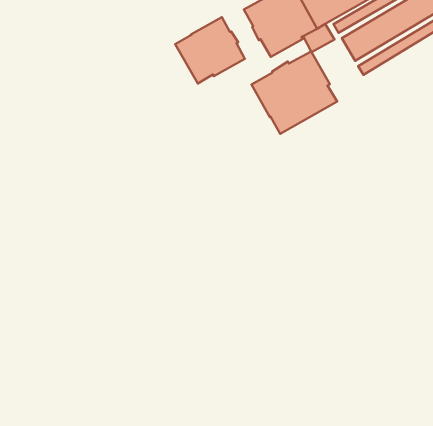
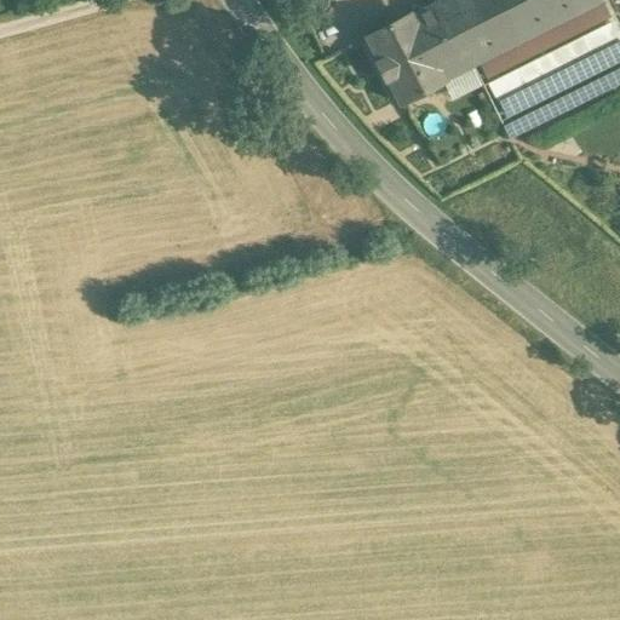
building: [175,17,245,84] -> none
building: [251,51,337,134] -> none

